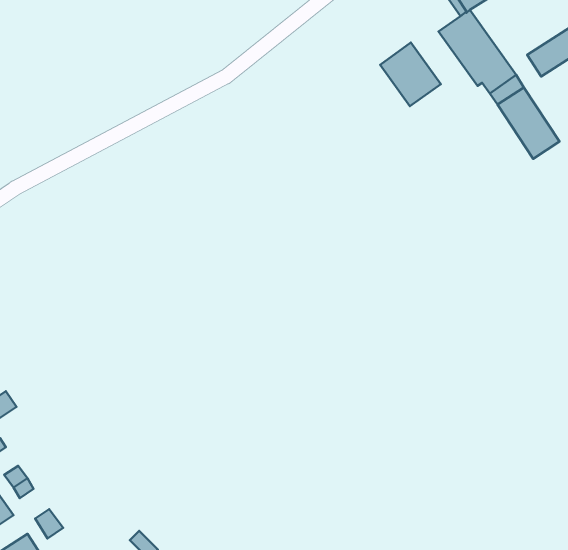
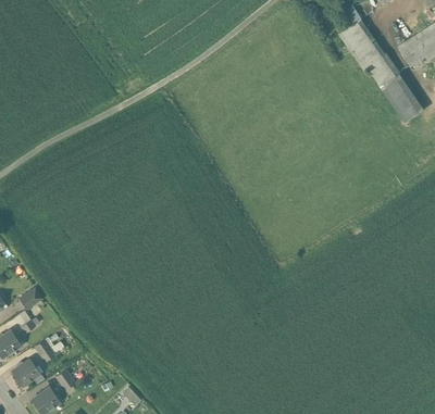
building: [380,42,441,106] -> none

